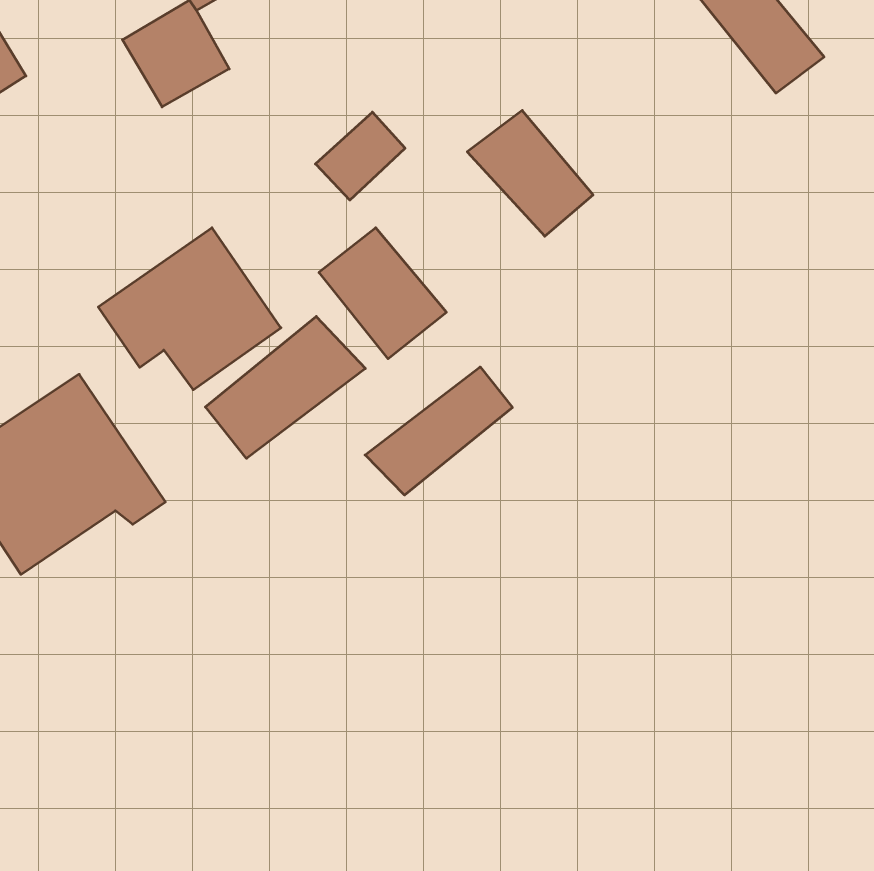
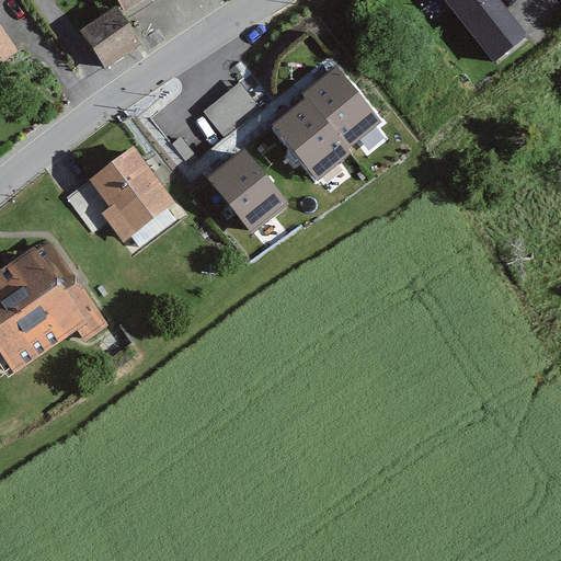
building: none -> [267,105,347,184]
building: [205,316,365,458] -> none
building: [365,367,512,495] -> none

